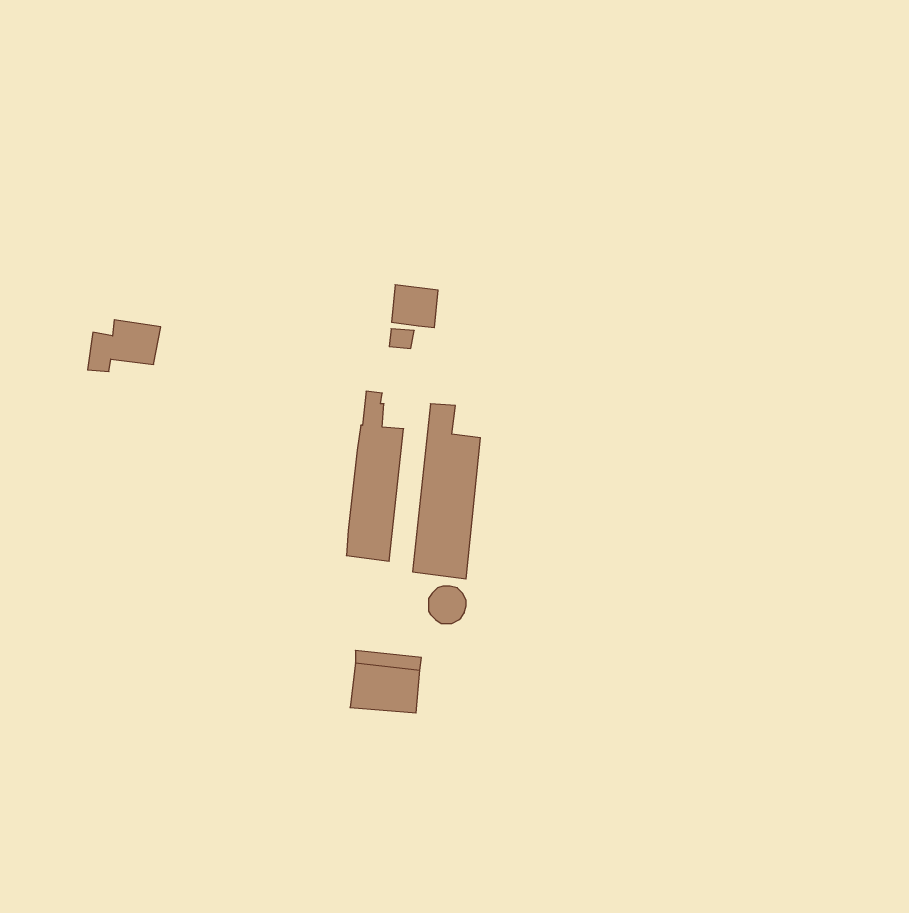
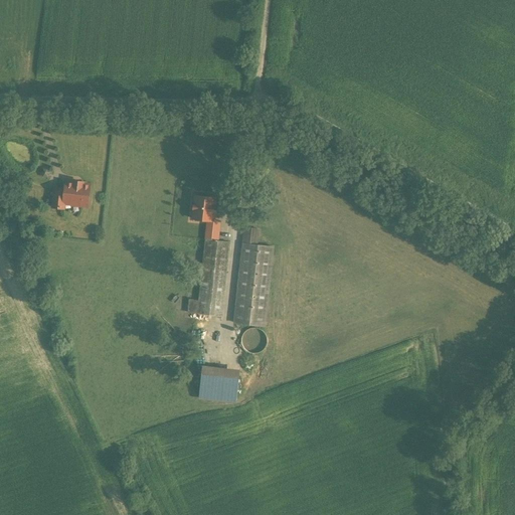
building: [392,285,438,328] -> [191,197,217,221]

